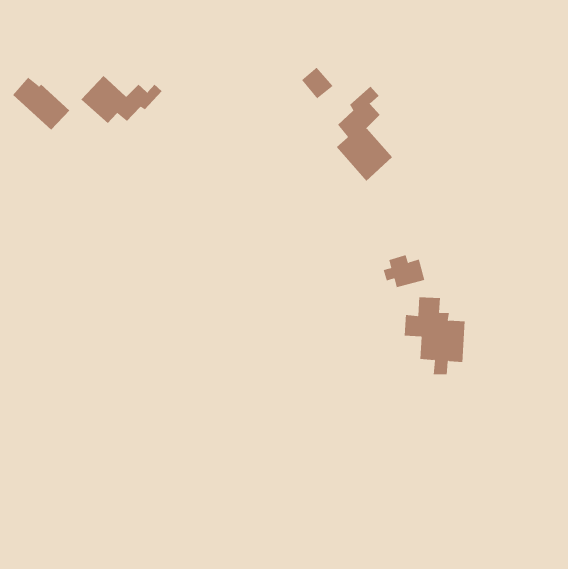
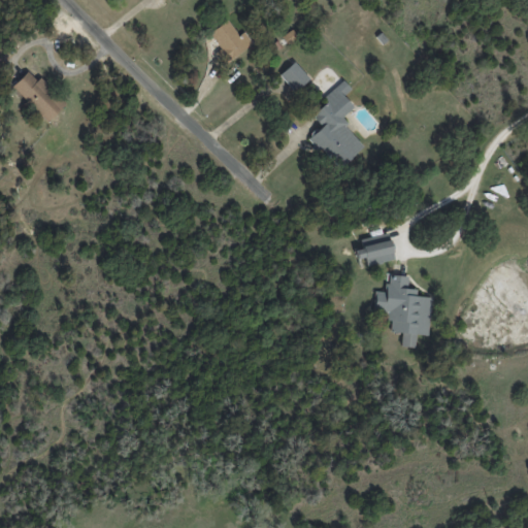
building: none -> [210,21,249,61]
building: [81,75,162,124] -> none

